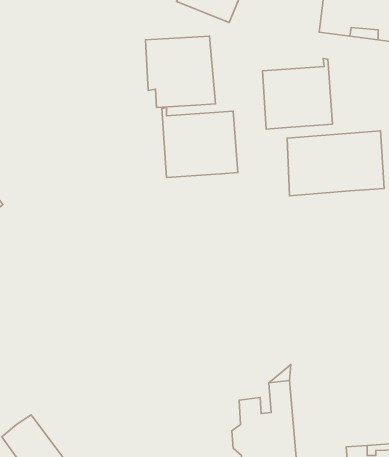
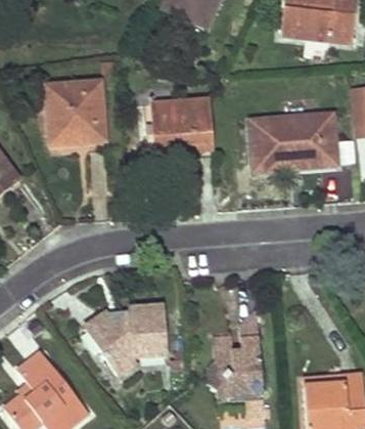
building: [146,36,216,108] -> [47,83,105,142]
building: [263,59,332,129] -> none
building: none -> [85,308,167,373]

